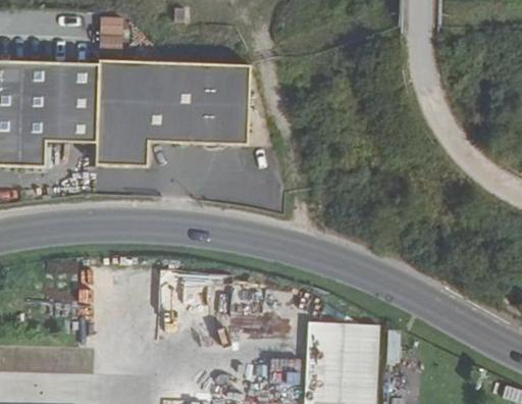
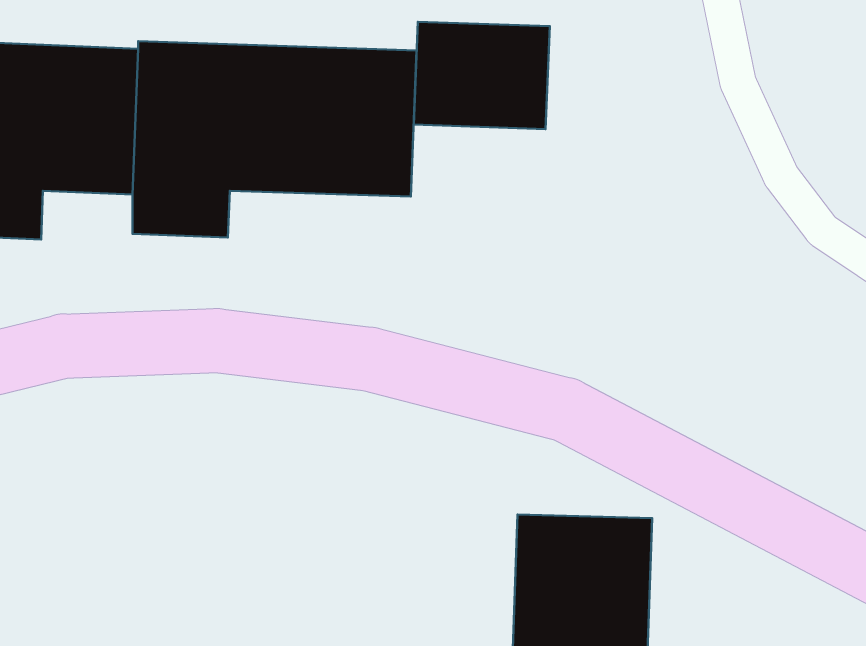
building: none -> [414,22,550,129]

